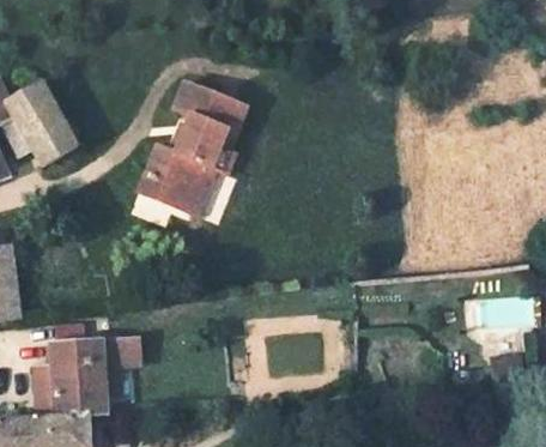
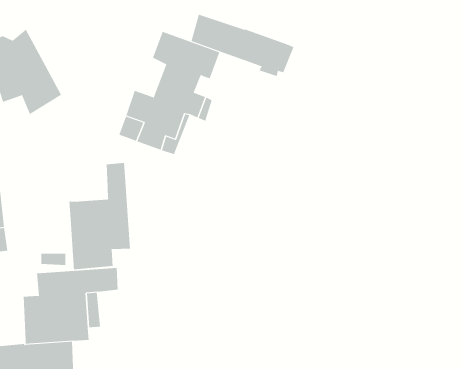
building: none -> [191,14,294,77]
building: none -> [69,162,131,270]

